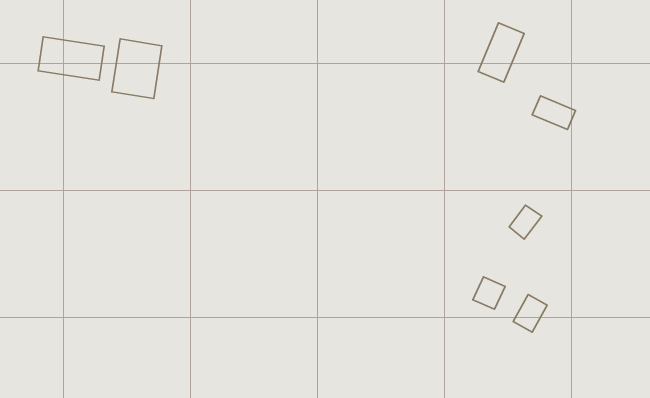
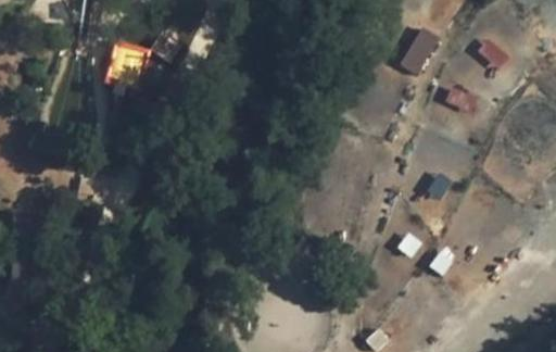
building: [38,37,104,80] -> none

